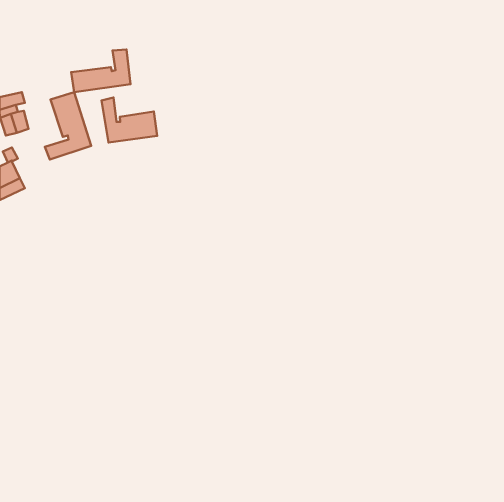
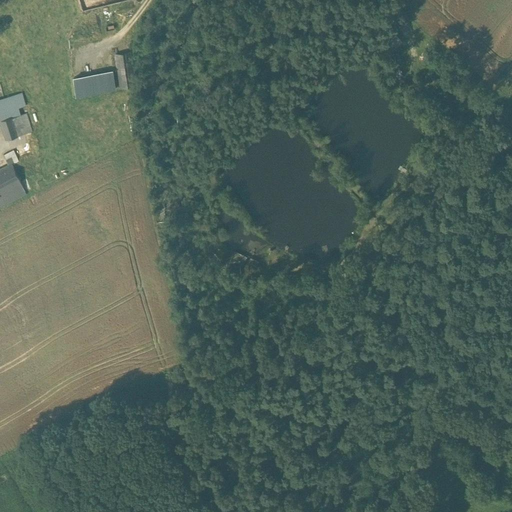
building: [45,92,91,160] -> none
building: [102,98,157,143] -> none

